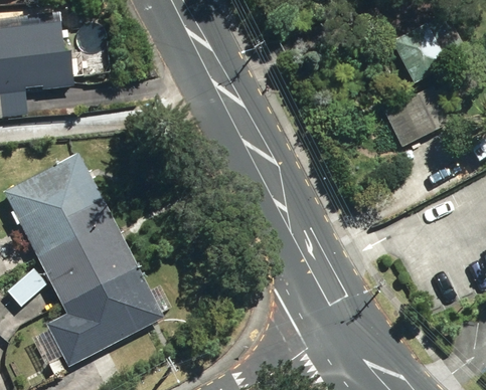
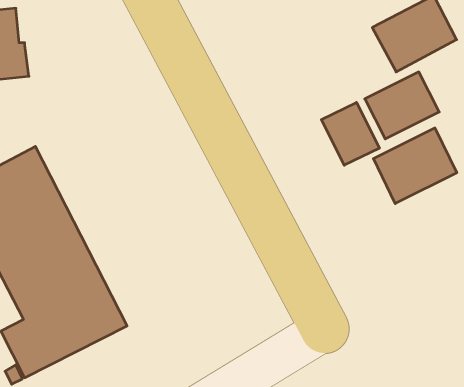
building: none -> [321,102,379,165]
building: none -> [373,128,457,204]

